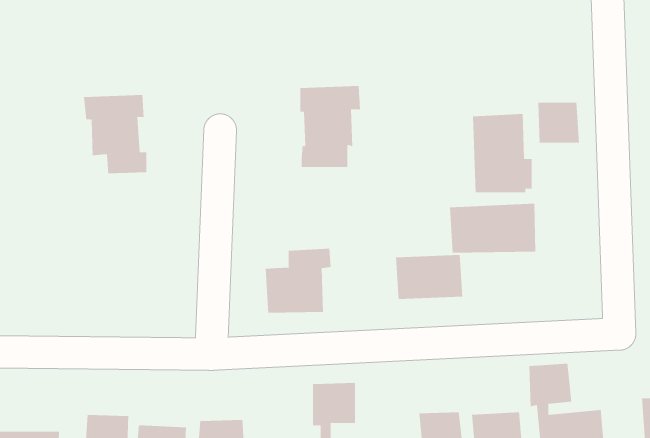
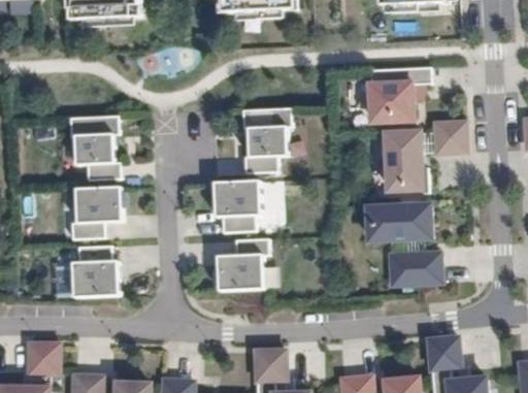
building: none -> [364,67,433,127]
building: none -> [211,183,259,233]
building: none -> [69,187,121,239]
building: [395,255,463,299] -> [389,251,443,287]
building: none -> [70,247,118,299]
building: none -> [26,340,60,373]

